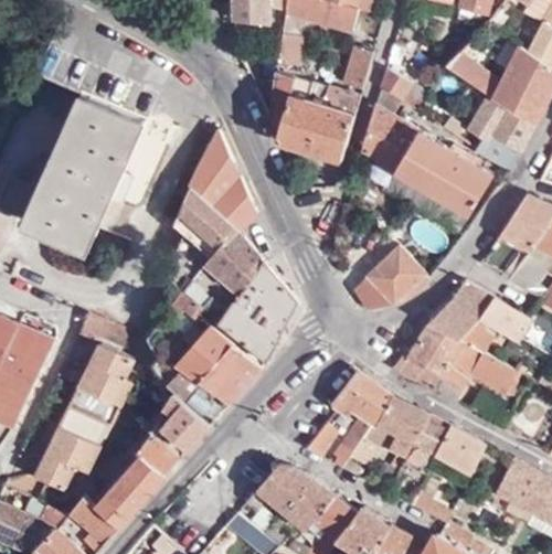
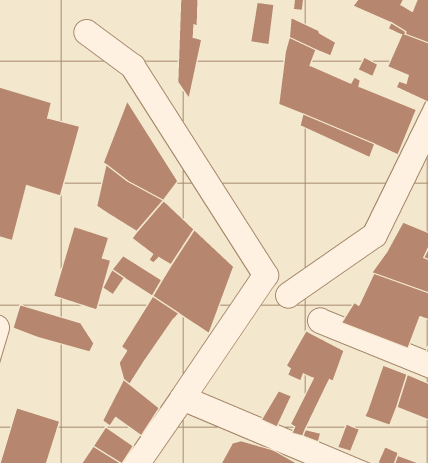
building: [276,79,358,162] -> none
building: [353,245,429,310] -> none
building: [199,343,258,403] -> none
building: [71,344,131,427] -> [53,226,111,310]
building: [378,396,427,457] -> none

